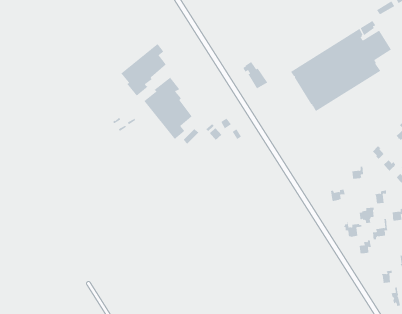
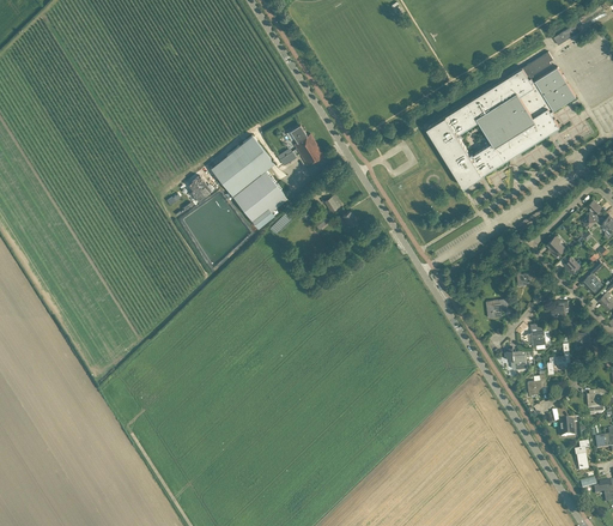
building: [120,43,166,97] -> none
building: [243,61,268,89] -> [287,123,324,164]

